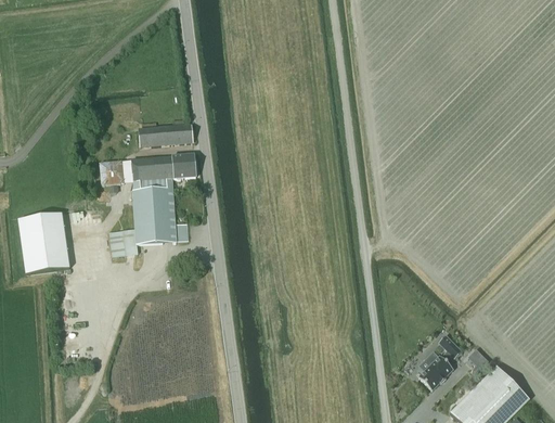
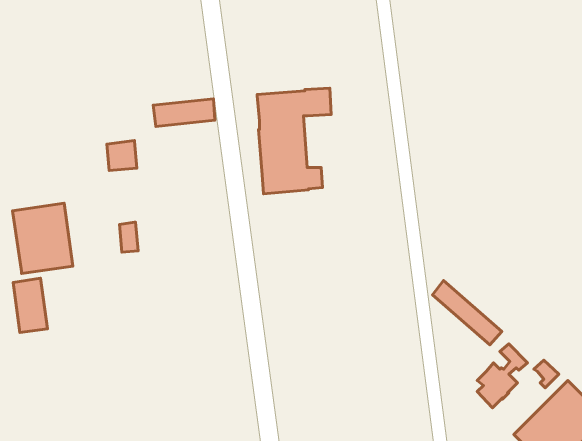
building: [131,153,195,244] -> [257,88,331,194]
building: none -> [13,278,48,332]
building: none -> [433,280,502,345]

